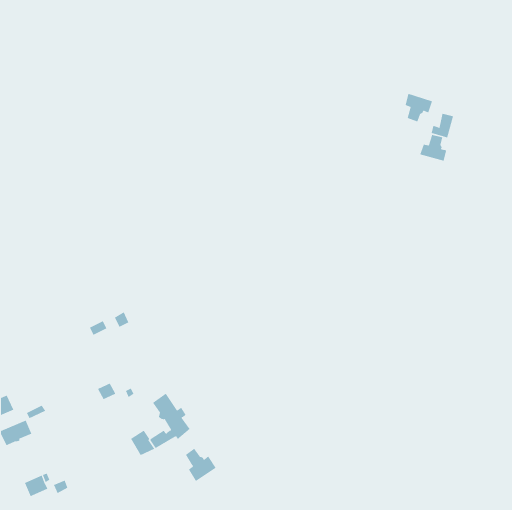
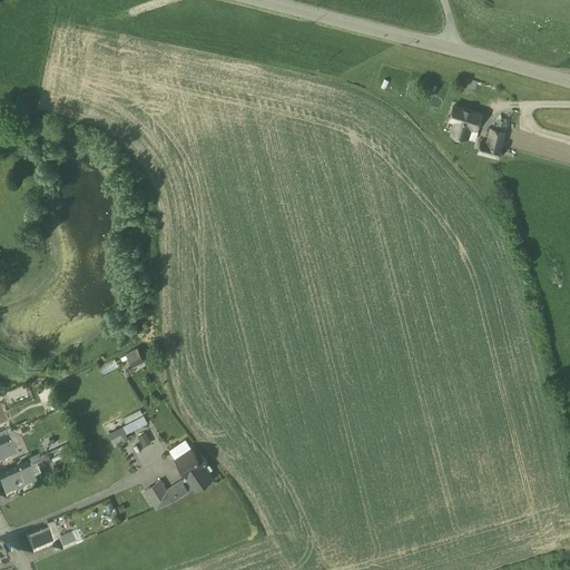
building: [419,134,447,162] -> none
building: [185,448,217,482] -> none

